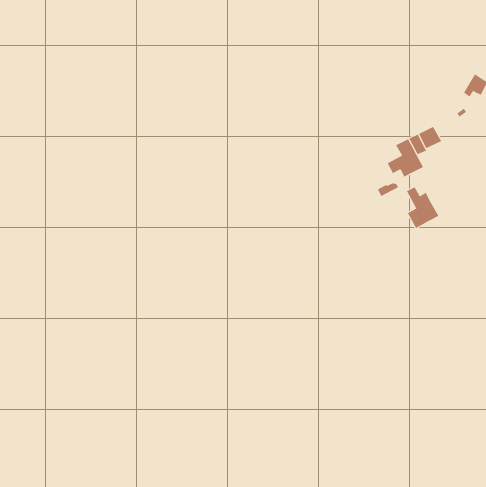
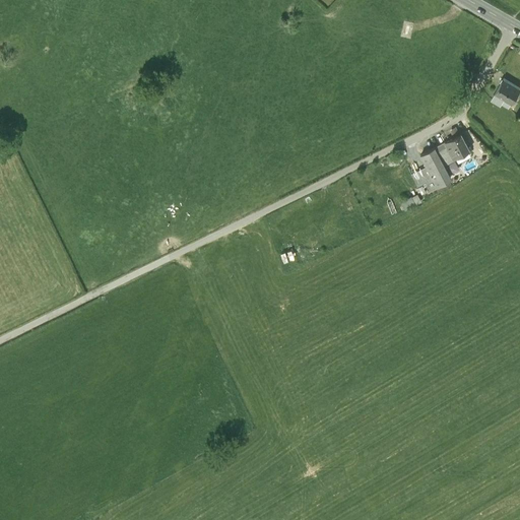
building: [406,186,439,229] -> none

